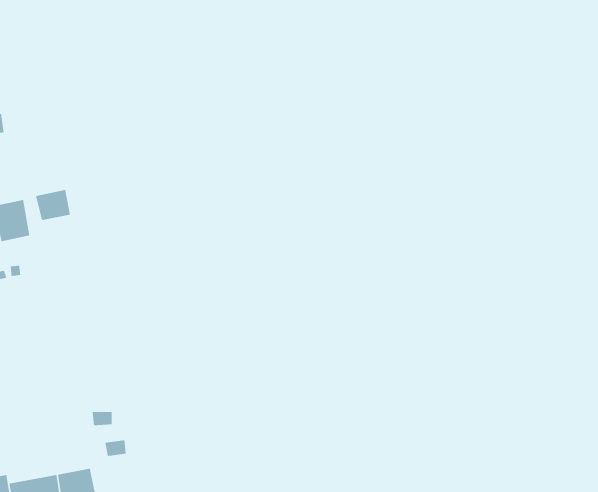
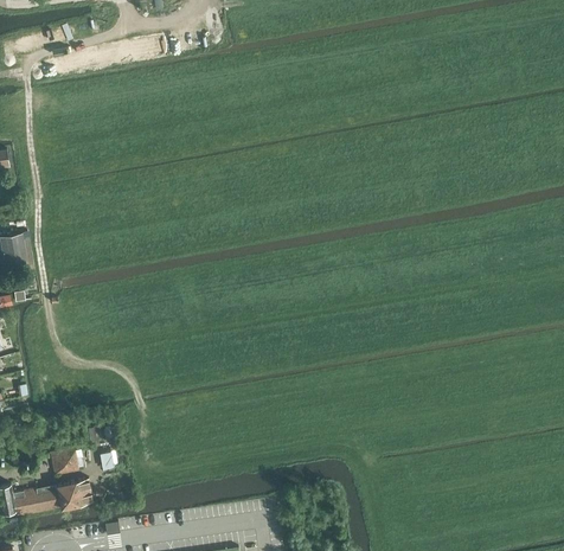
building: [36,189,71,221] -> none
building: none -> [50,451,77,476]

